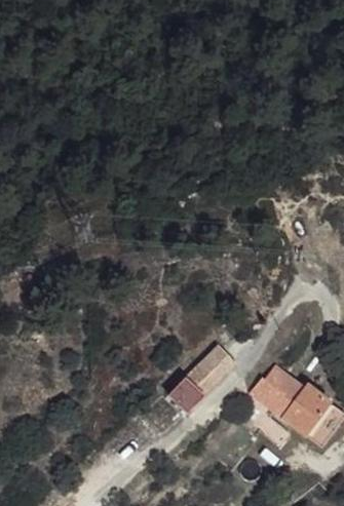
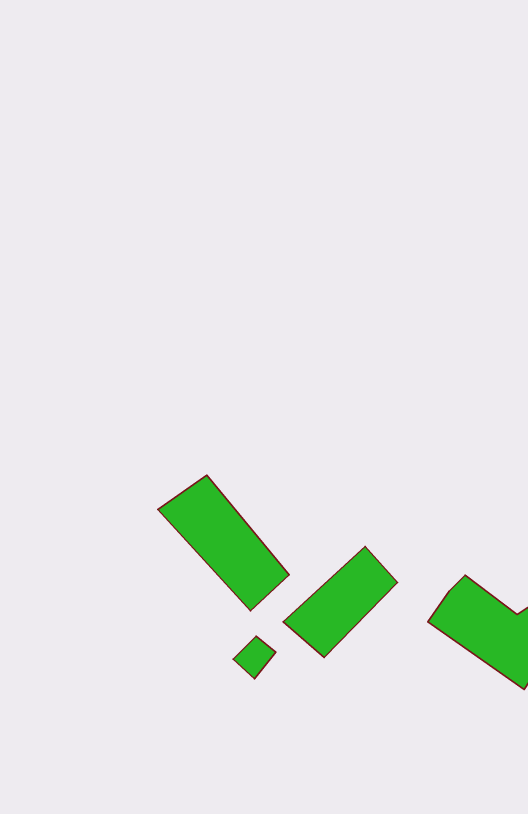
building: none -> [158,475,289,611]

